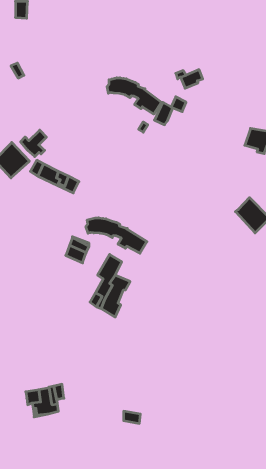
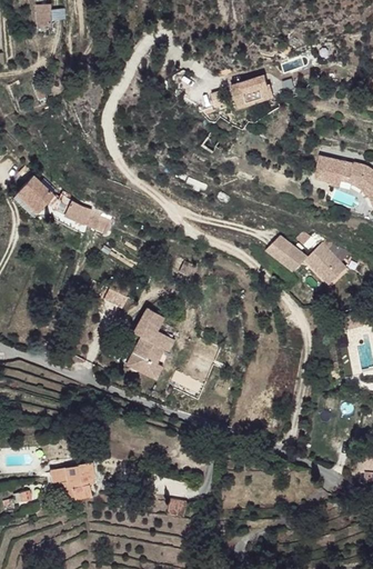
building: [107,78,161,114] -> none
building: [21,130,46,157] -> none
building: none -> [262,231,303,264]
building: [86,218,147,253] -> none

